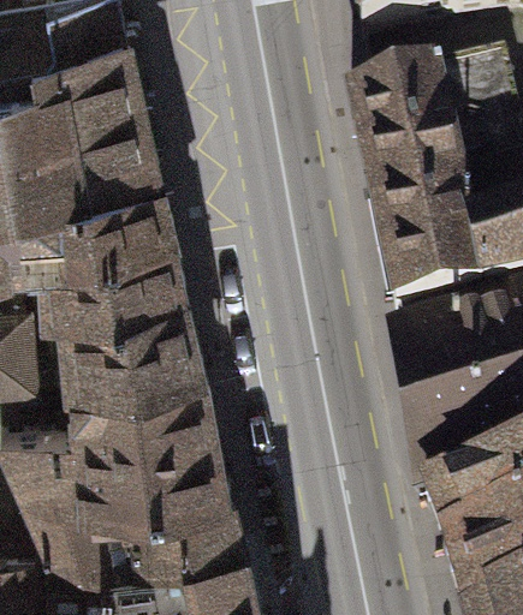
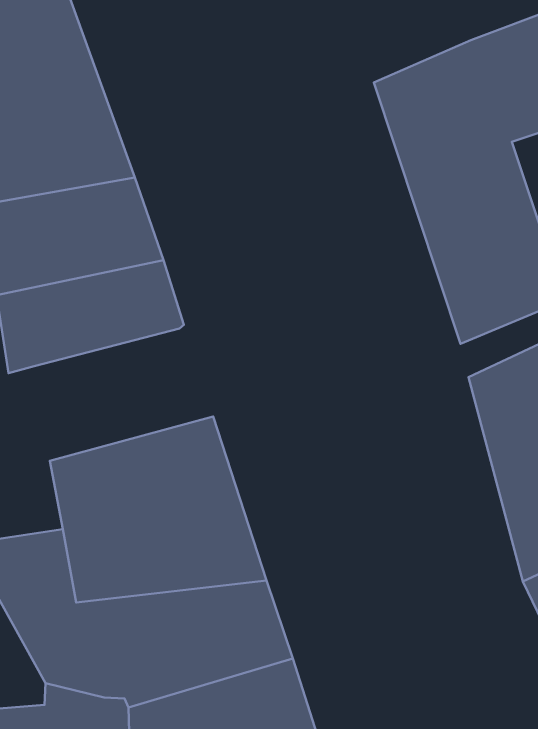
building: [63,268,197,360] -> none

